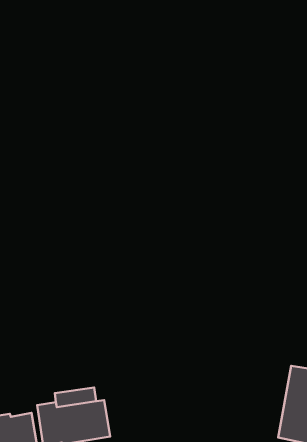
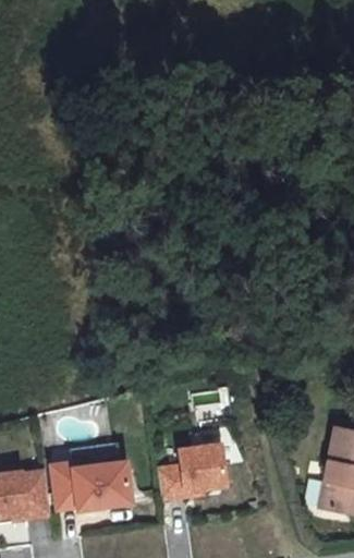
building: none -> [157,442,227,499]

